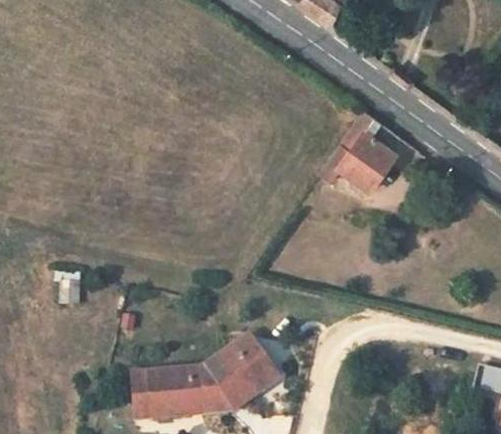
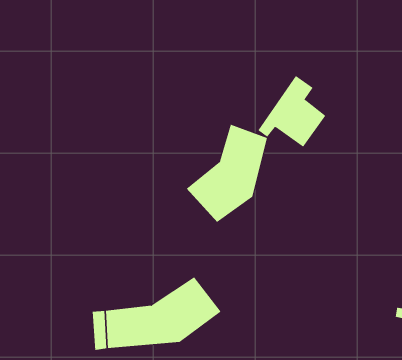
building: none -> [186,124,268,223]

